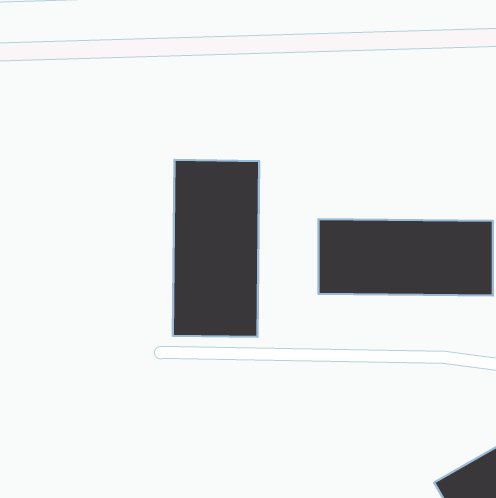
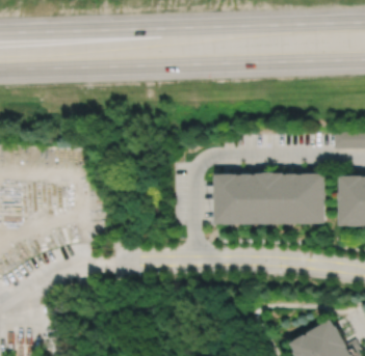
building: [173,160,259,337] -> none

